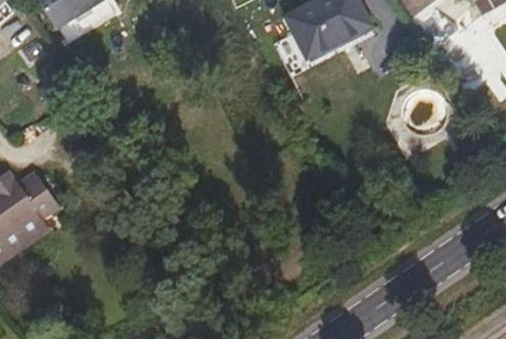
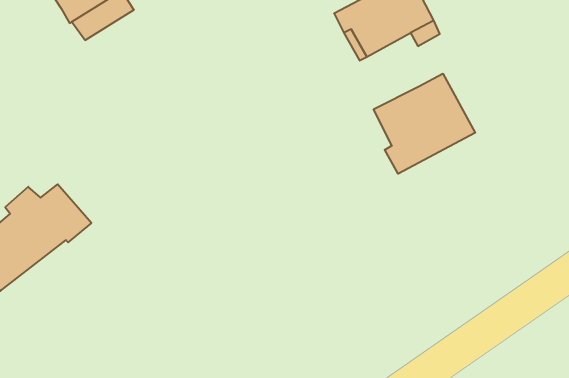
building: none -> [374,74,475,174]

